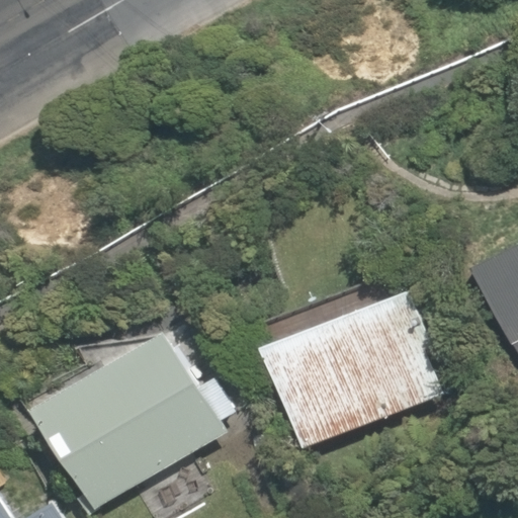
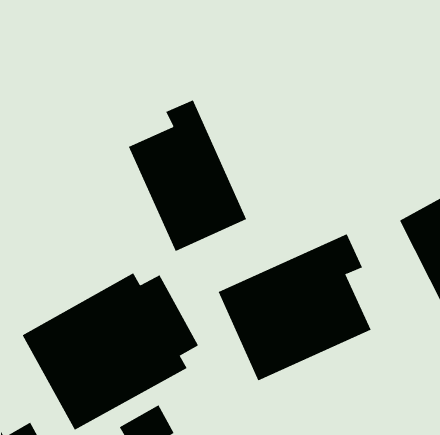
building: none -> [128,100,247,252]

